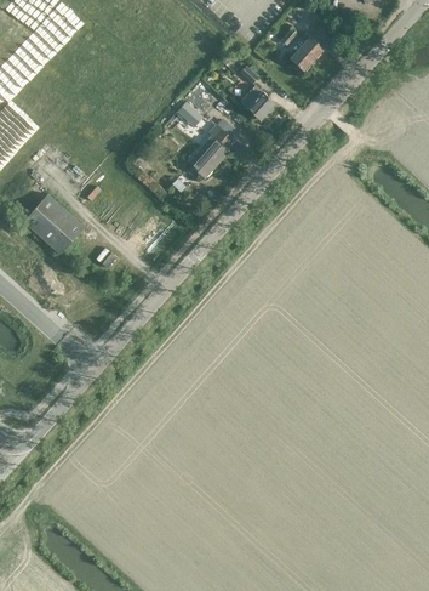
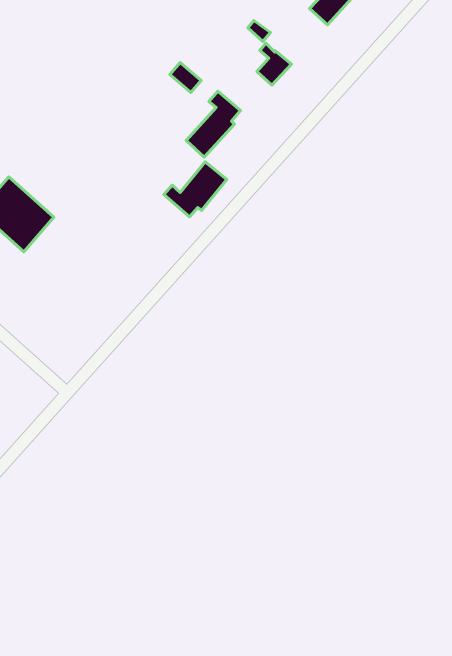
building: none -> [164,162,227,217]

